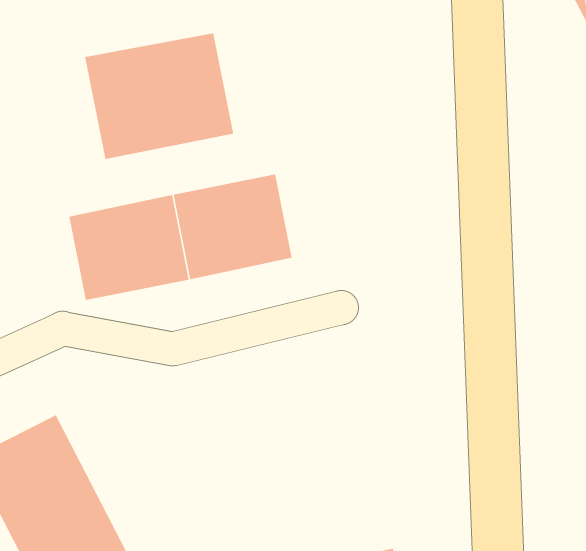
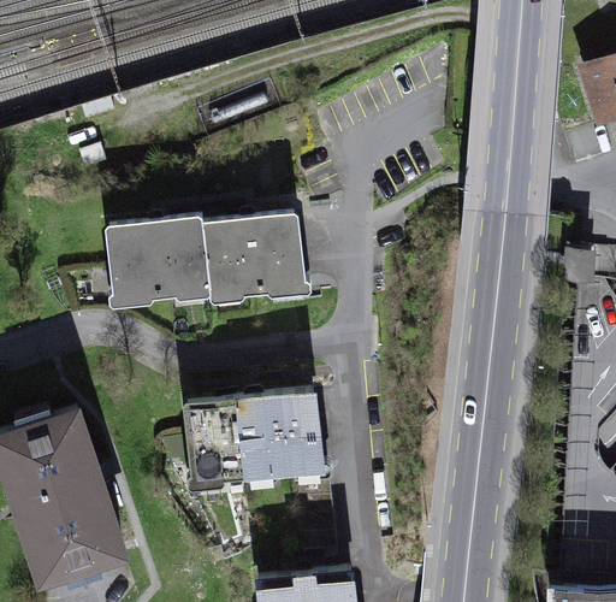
building: [84,33,234,160] -> none
building: none -> [184,385,332,485]

